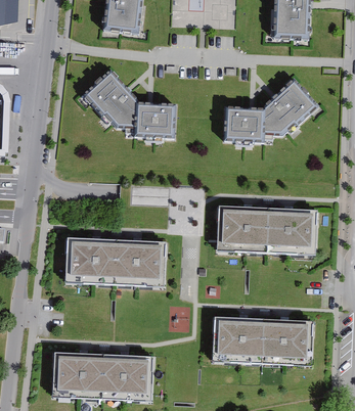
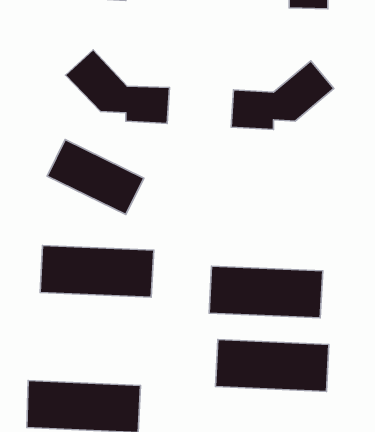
building: none -> [47,139,144,215]
building: [218,208,314,252] -> [209,266,323,318]

